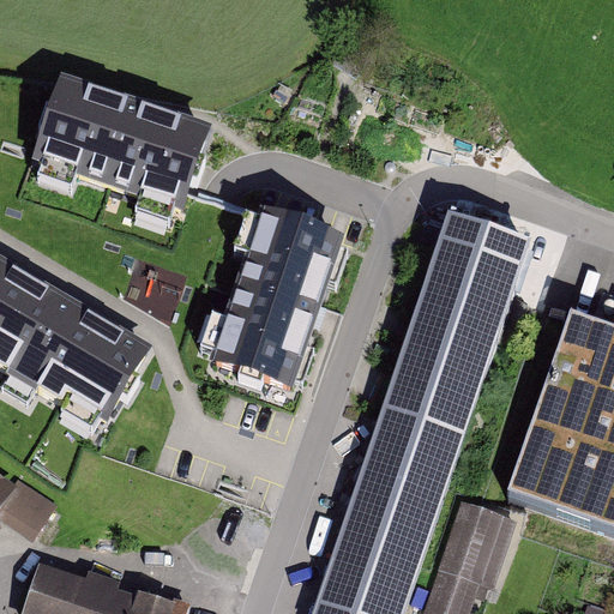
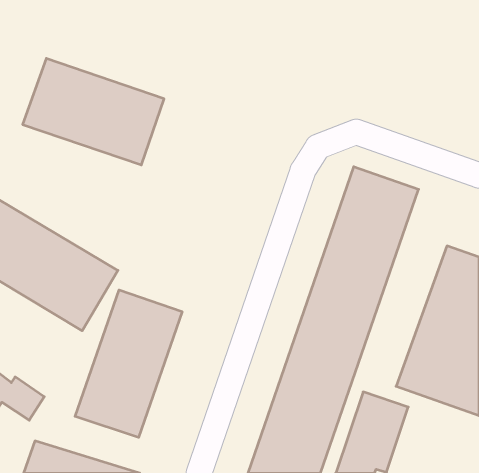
building: [206,207,342,389] -> none
building: none -> [75,290,182,437]

